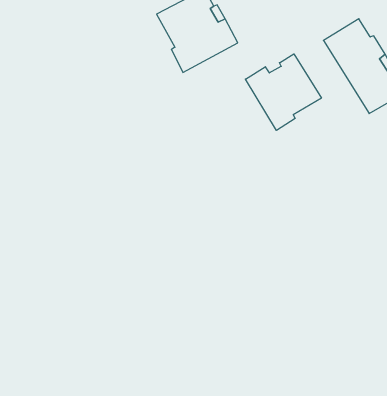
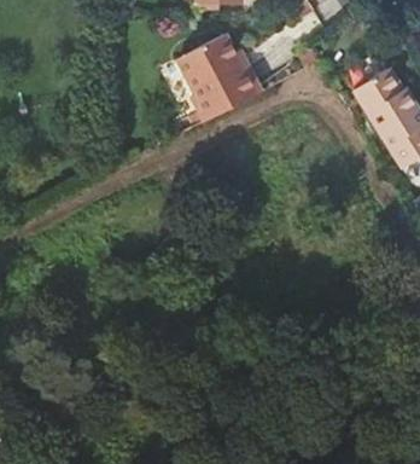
building: [245,54,321,130] -> none

